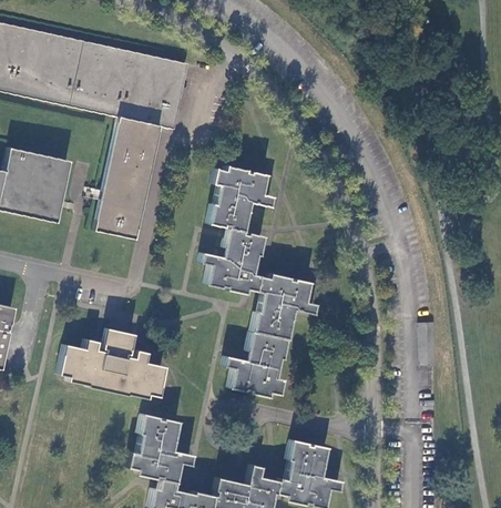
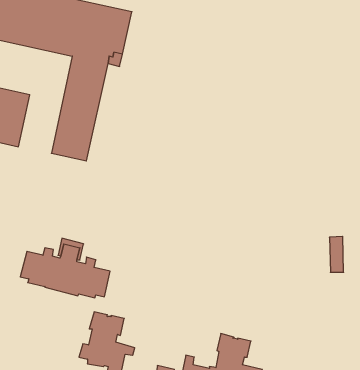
building: [201,162,316,398] -> none

